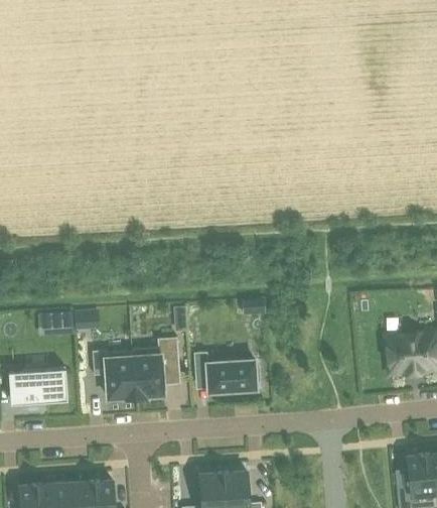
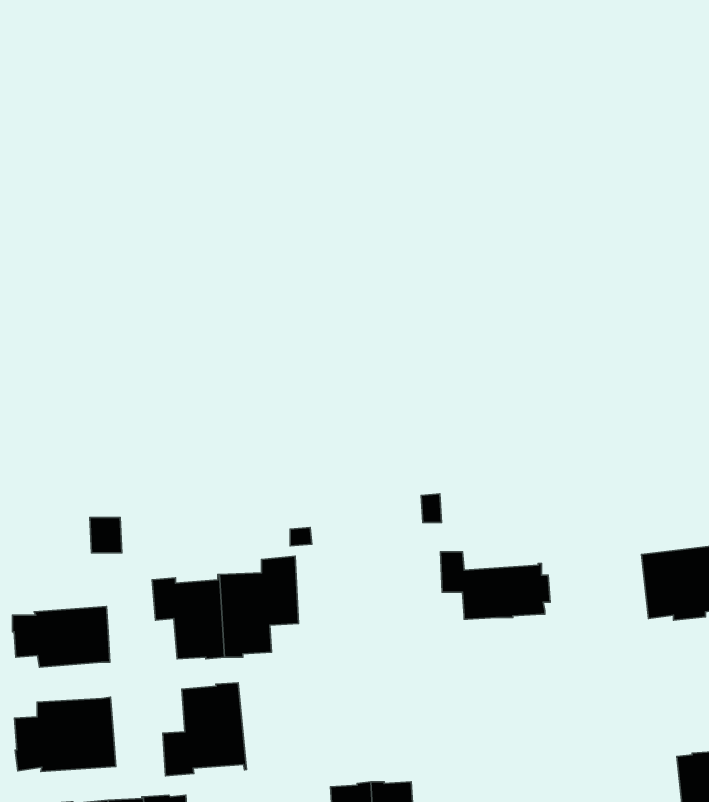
building: [194,352,260,392] -> [441,552,550,619]
building: none -> [163,683,246,776]
building: none -> [15,697,116,772]

